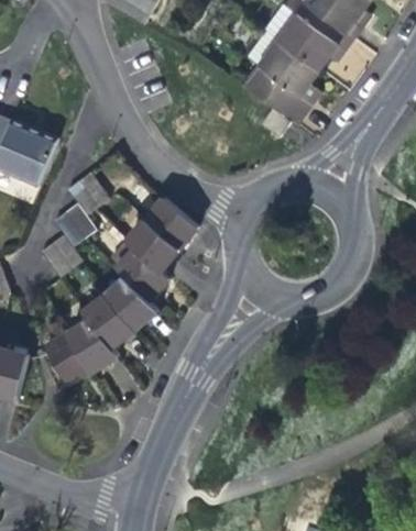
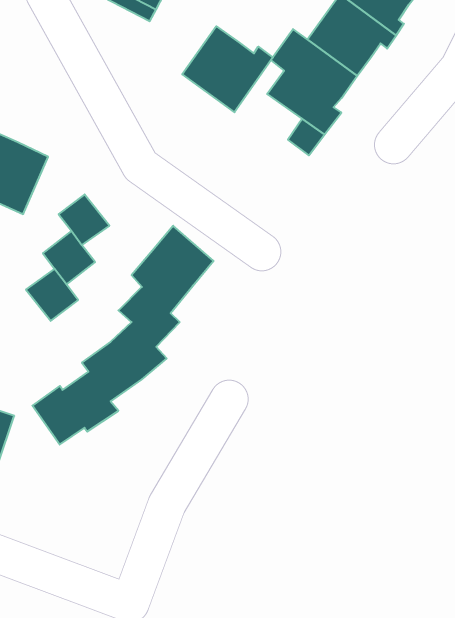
building: none -> [182,26,273,112]

